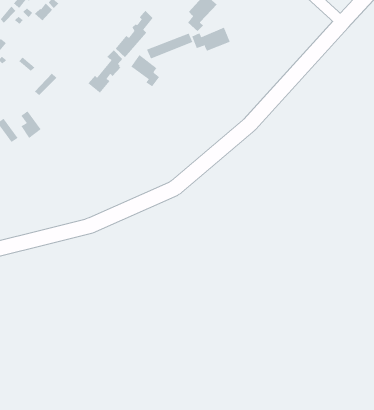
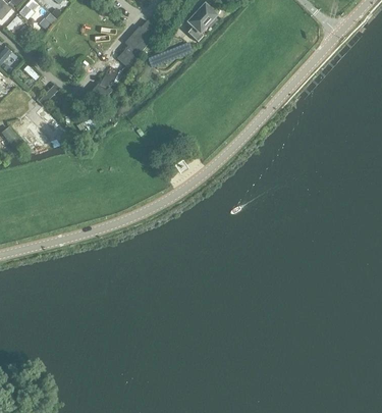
building: [191,27,230,51] -> none
building: [130,54,160,87] -> none

